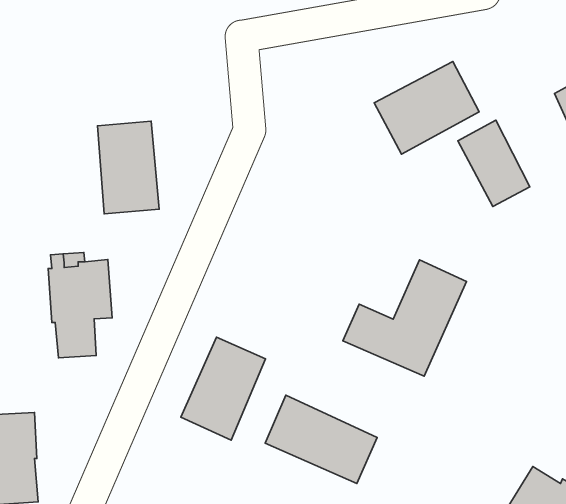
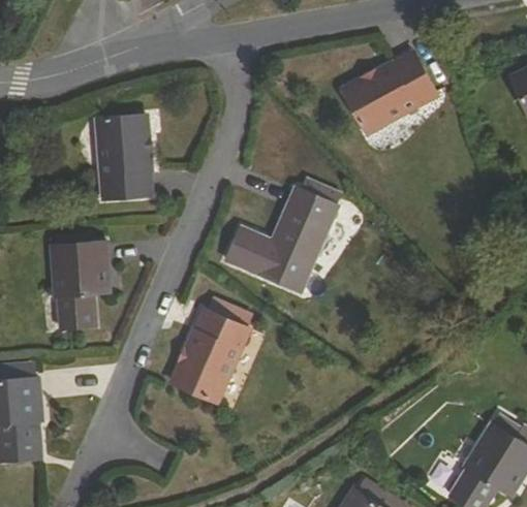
building: [458,120,530,207] -> none
building: [343,260,466,376] -> [226,185,338,290]
building: [265,395,377,484] -> none

